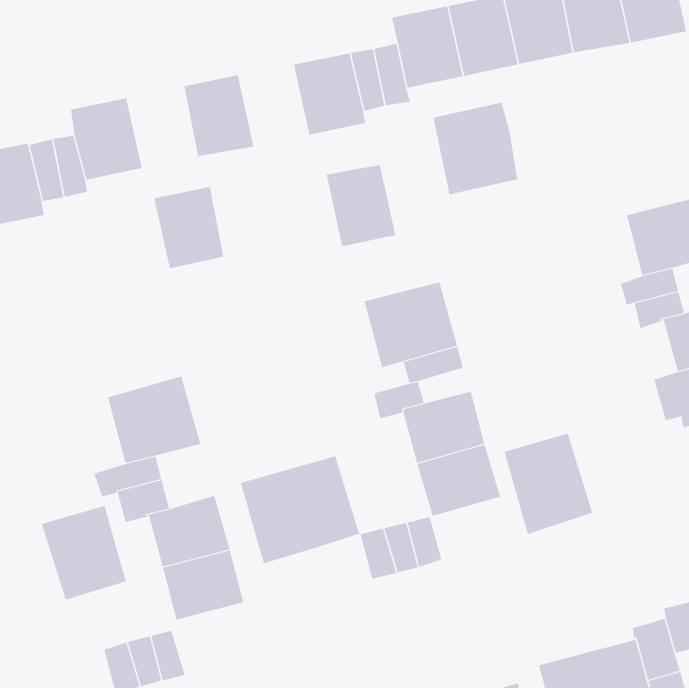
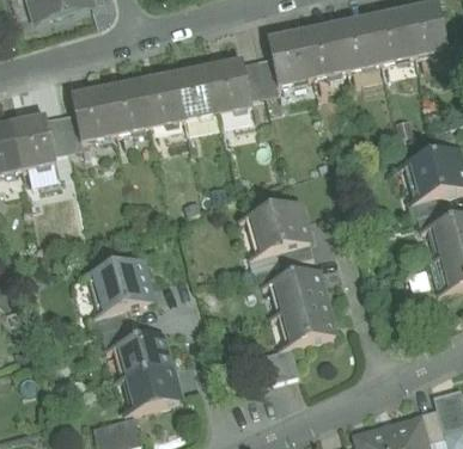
building: [433,102,518,195] -> none
building: [326,165,396,247] -> [173,68,217,118]
building: [154,187,224,269] -> [105,81,148,131]
building: [504,433,593,535] -> none
building: [240,455,360,564] -> none
building: [41,505,127,601] -> none

